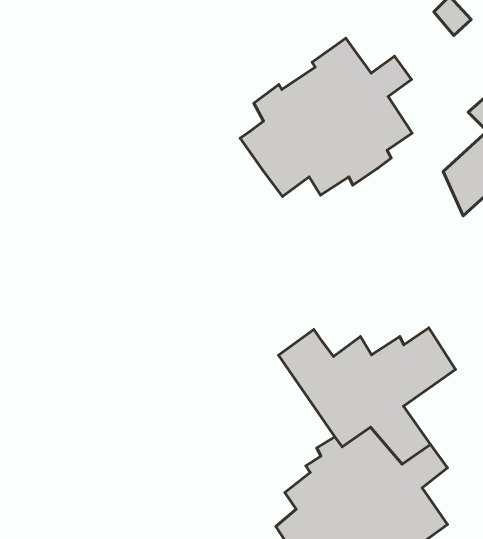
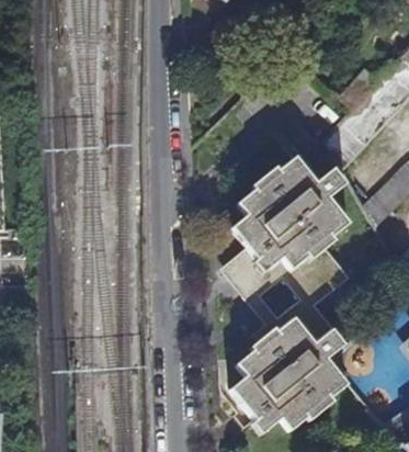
building: [240,38,412,197] -> [227,161,346,275]

